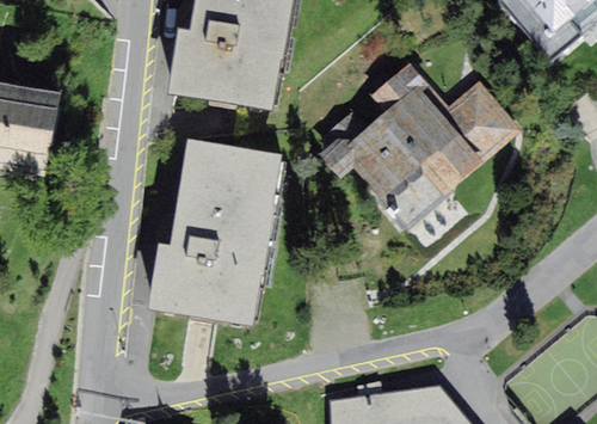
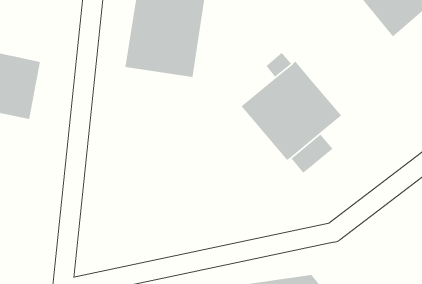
building: [439,81,519,162] -> none
building: [147,145,278,317] -> none

